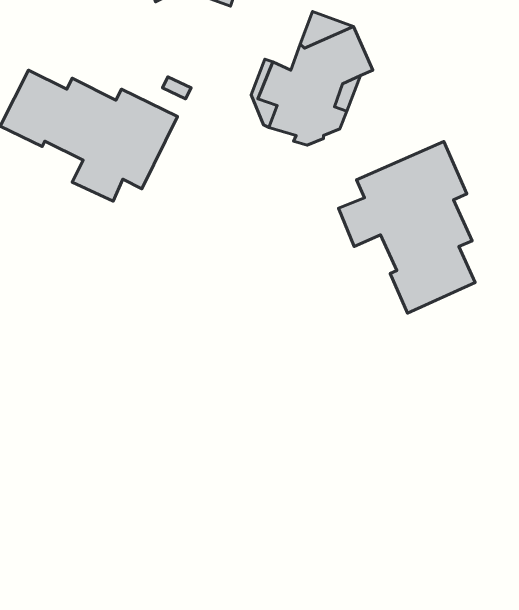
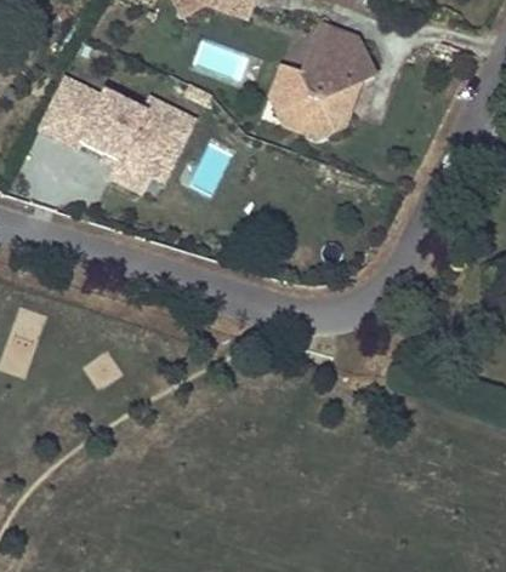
building: [338,142,475,313] -> none

